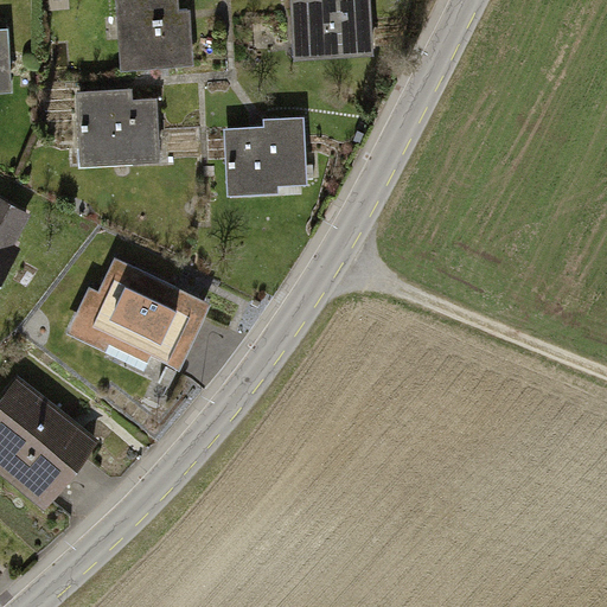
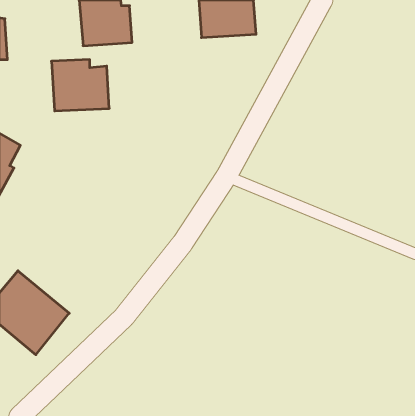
building: [224,116,306,192] -> none
building: [60,253,209,366] -> none

